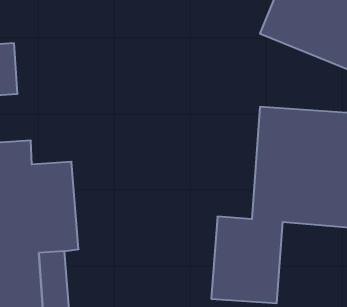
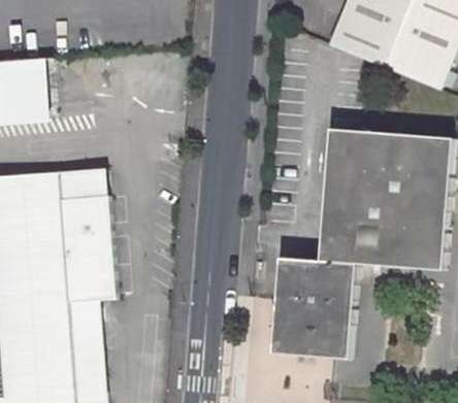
building: none -> [61,166,108,197]

